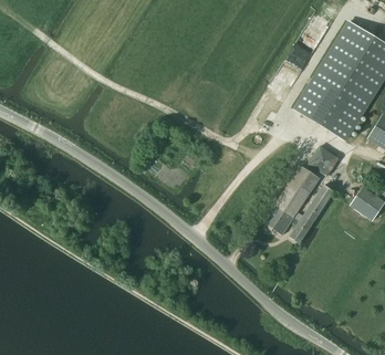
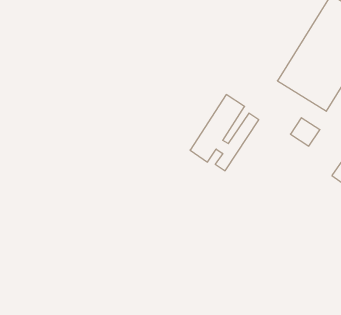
building: [264,165,334,242] -> [190,95,259,171]

